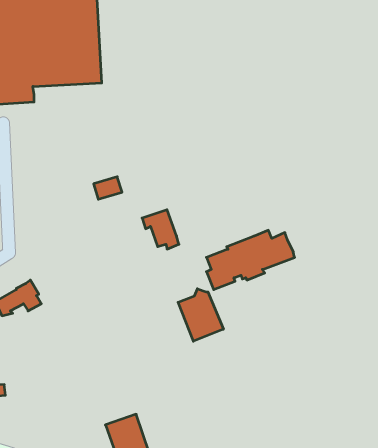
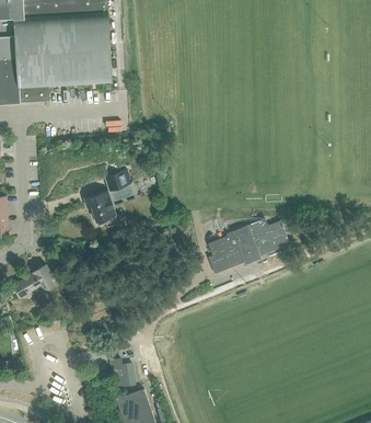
building: [142,210,179,249] -> [84,191,118,227]
building: [178,289,223,341] -> none
building: none -> [108,357,136,388]

